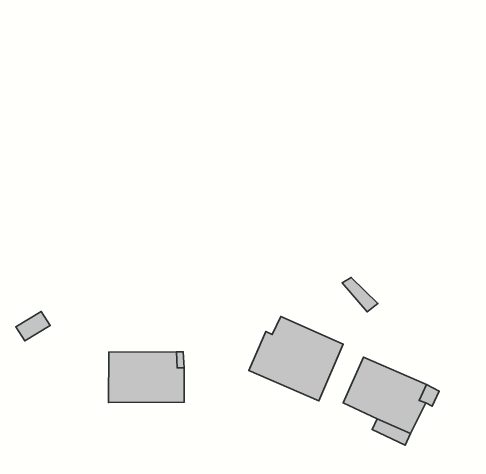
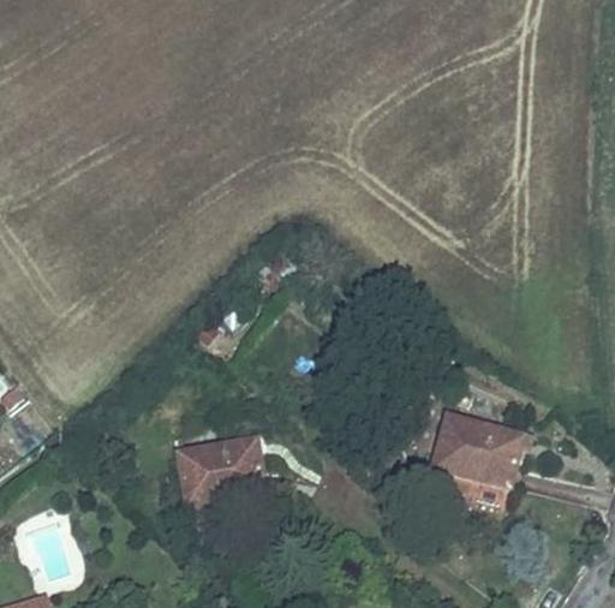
building: [249,316,343,401] -> none

